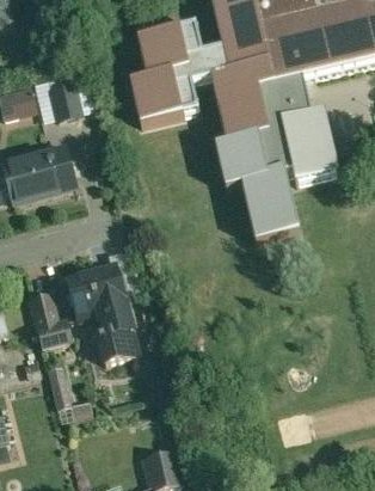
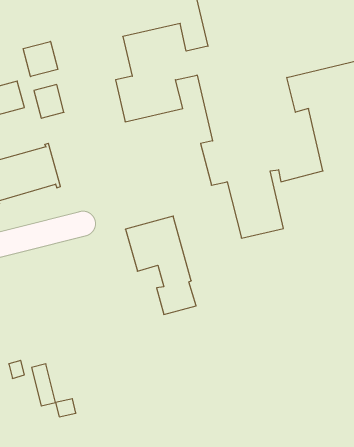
building: none -> [23,41,58,77]
building: [68,266,139,364] -> [125,216,196,314]
building: [32,296,73,350] -> none

